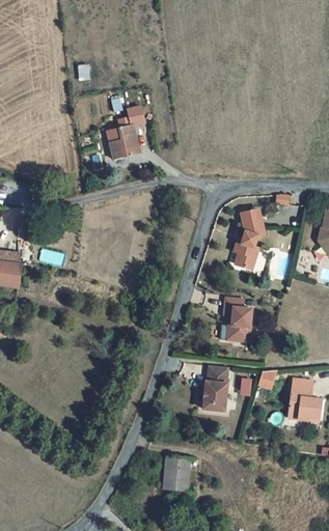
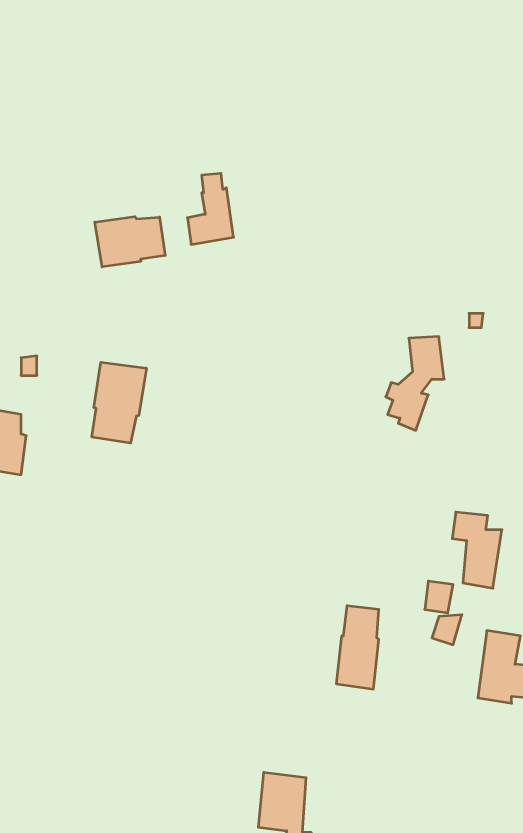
building: none -> [95,217,165,267]
building: none -> [92,362,146,443]
building: [226,298,255,342] -> [452,512,502,588]

